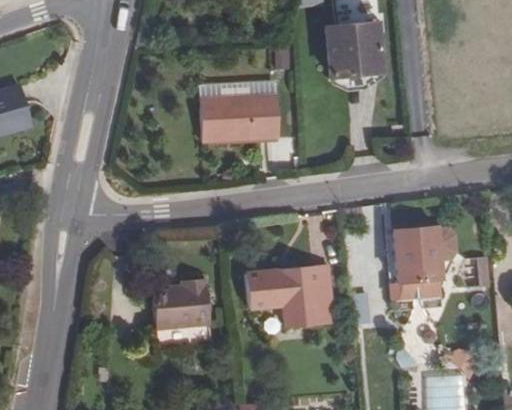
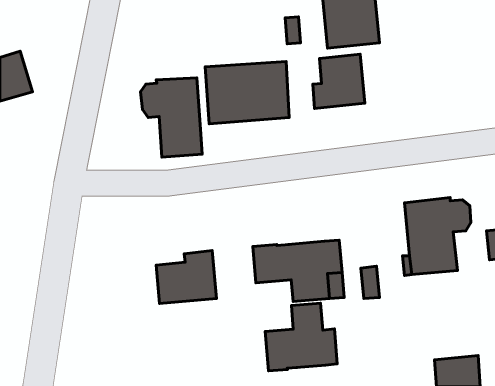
building: none -> [313,54,365,108]
building: none -> [141,78,202,157]
building: none -> [265,303,337,371]

